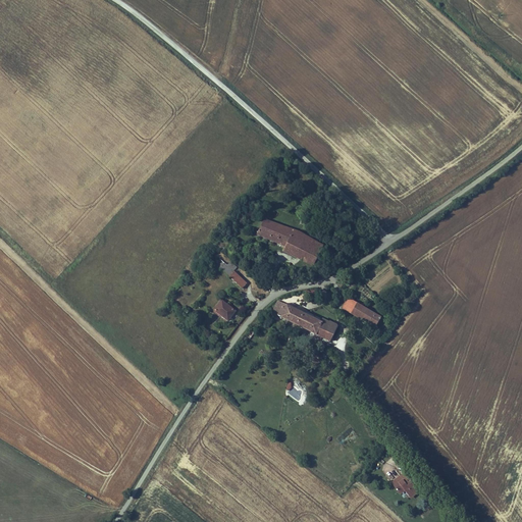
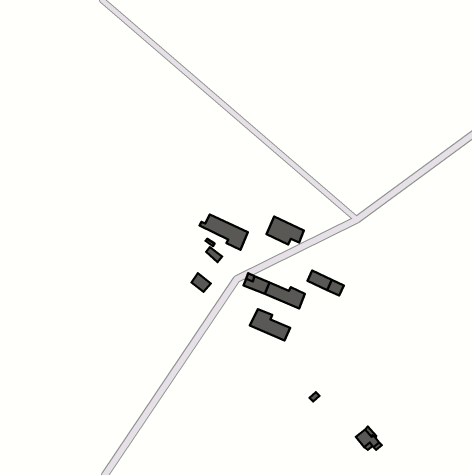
building: [251,218,304,257] -> [199,214,248,250]
building: none -> [250,309,290,340]

